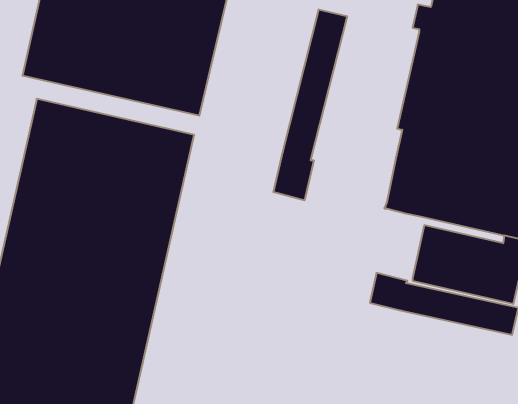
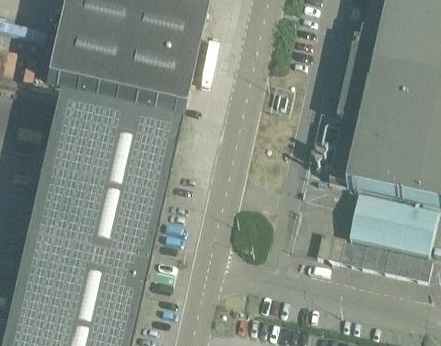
building: [274,9,347,200] -> none

